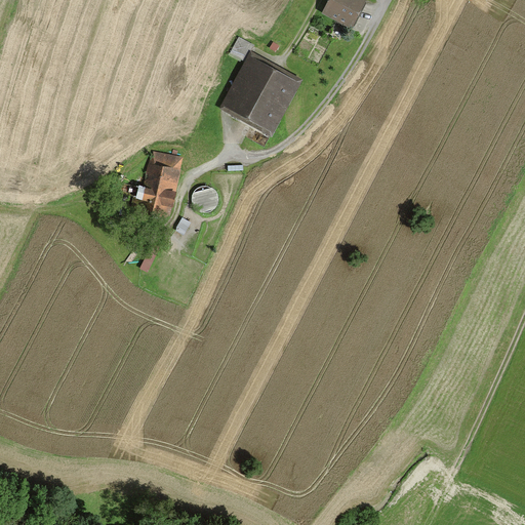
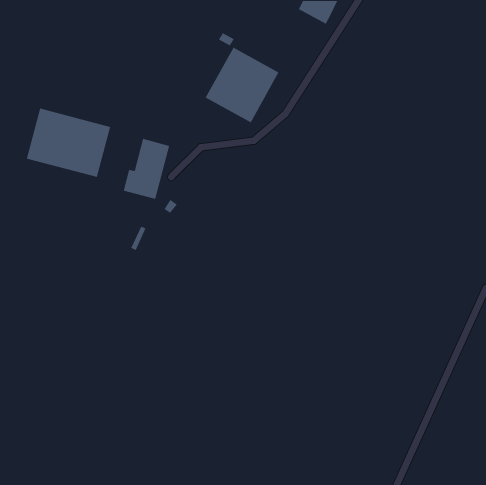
building: none -> [26,108,111,178]
building: [195,187,218,207] -> none

